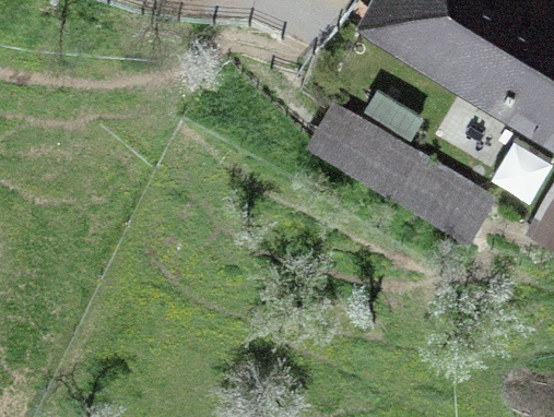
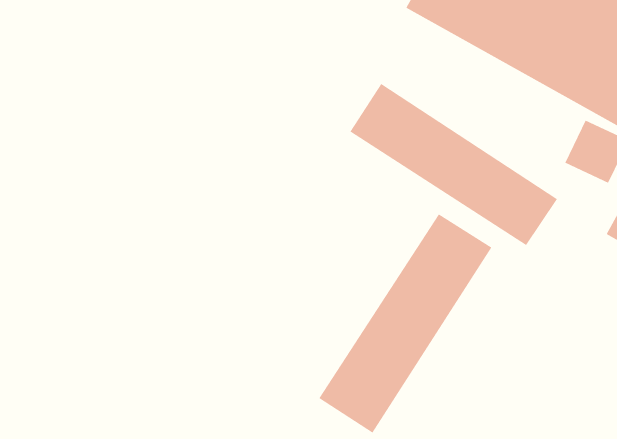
building: none -> [319,214,492,434]

